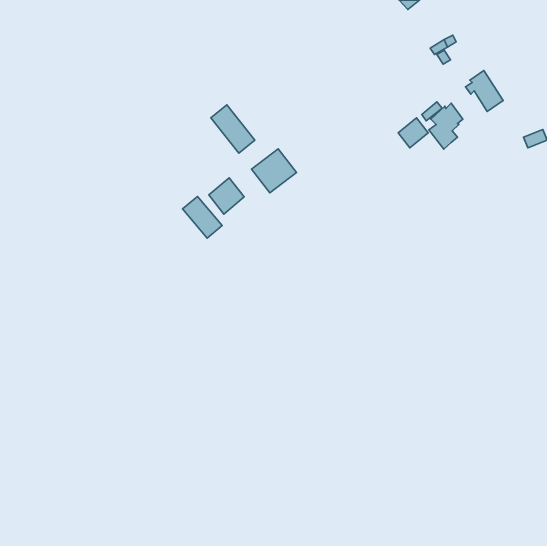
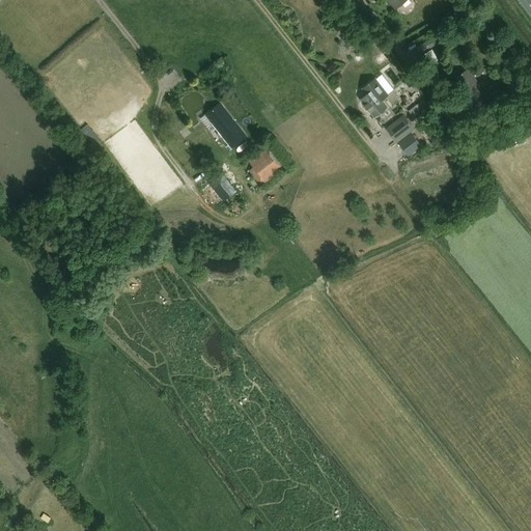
building: [429,103,463,149] -> [360,75,393,119]
building: [183,196,222,238] -> none

